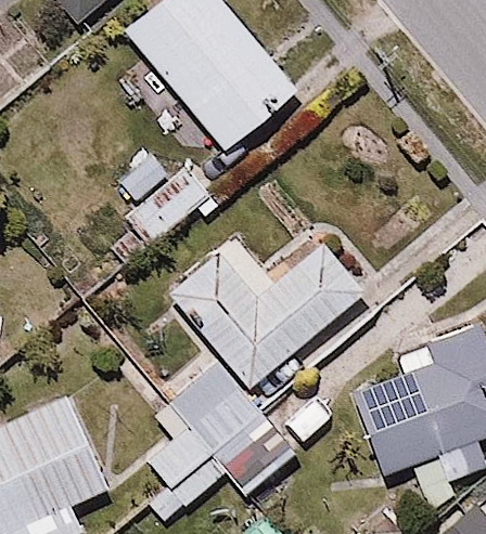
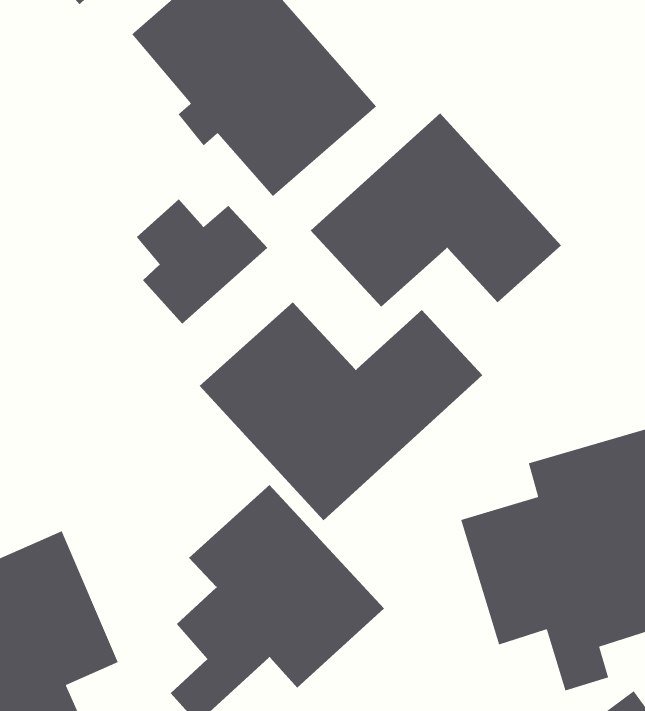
building: none -> [310,112,562,308]

